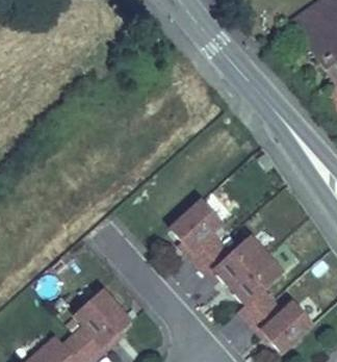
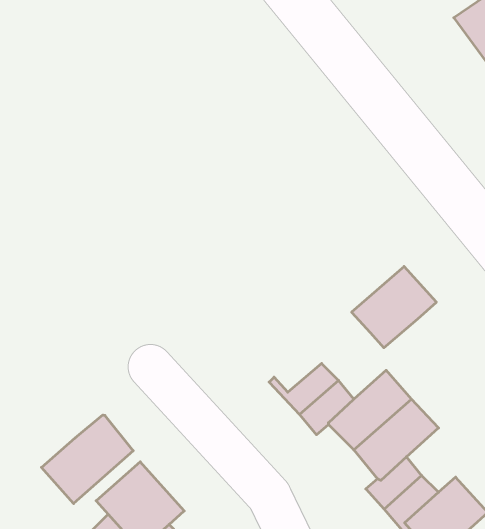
building: [171,200,223,250] -> [352,266,436,348]
building: none -> [41,415,133,504]

